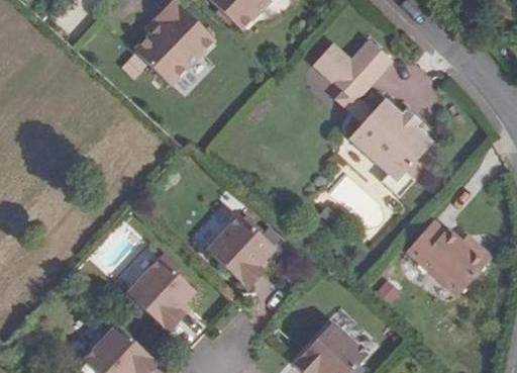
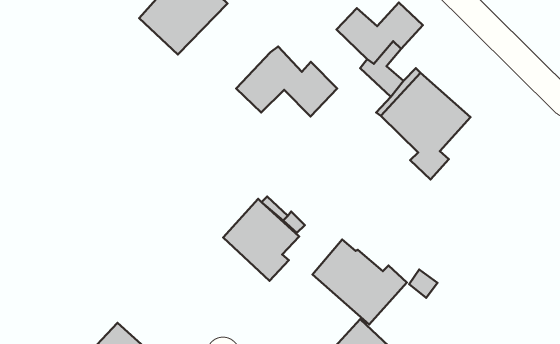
building: none -> [236,46,337,117]
building: [406,220,490,296] -> [313,239,407,325]
building: [126,257,195,332] -> none

